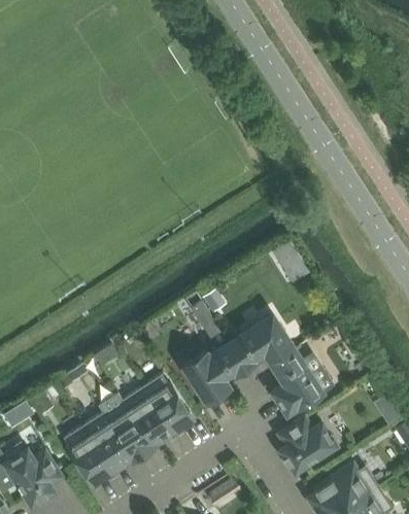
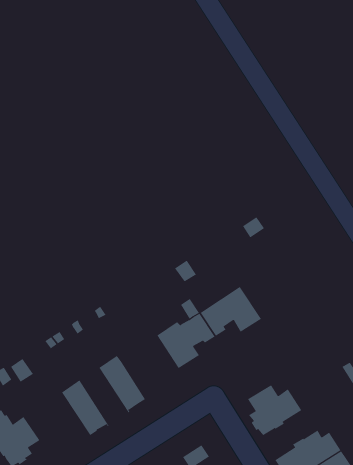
building: [271,349,334,414] -> none
building: [143,375,192,434] -> none
building: [103,401,154,461] -> none
building: [64,426,113,483] -> none

